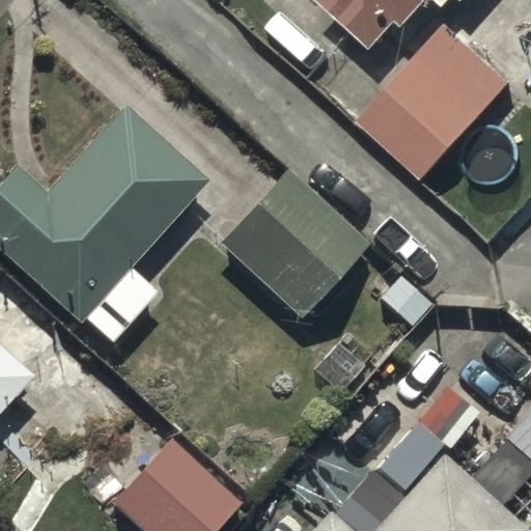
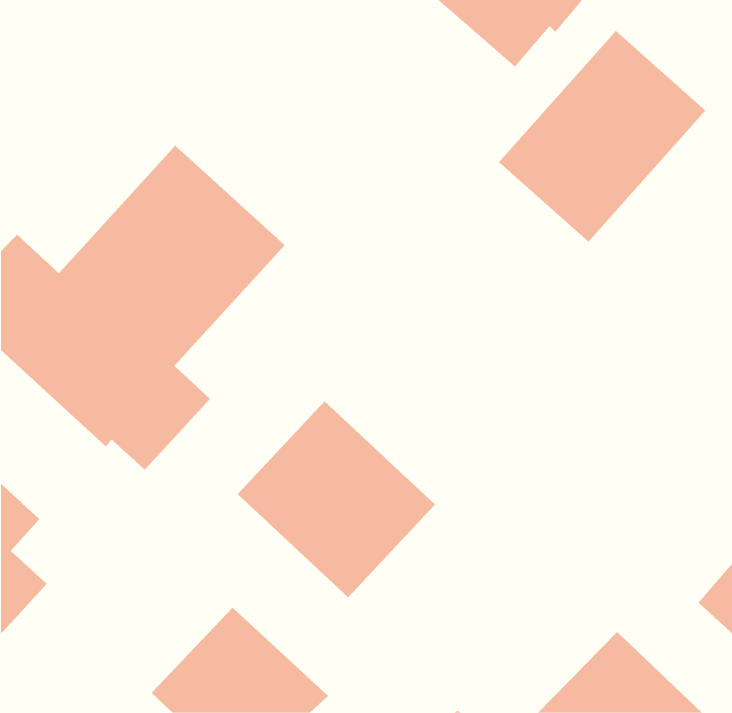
building: [218,170,368,320] -> none
building: none -> [237,401,436,598]

